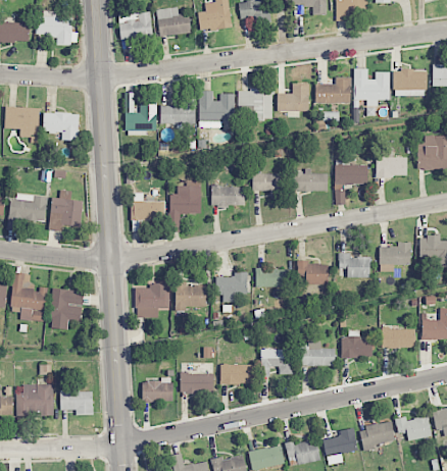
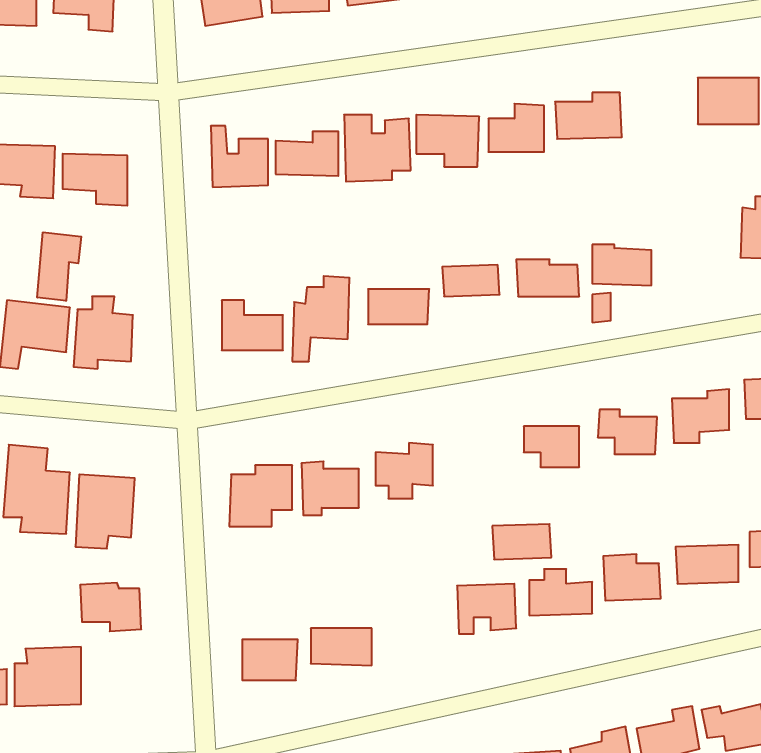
building: [353,69,390,106] -> none
building: none -> [37,232,81,301]
building: [376,157,407,176] -> none
building: [255,268,288,287] -> [492,524,551,559]
building: [219,364,254,384] -> none
building: [59,388,93,415] -> [80,583,141,631]

